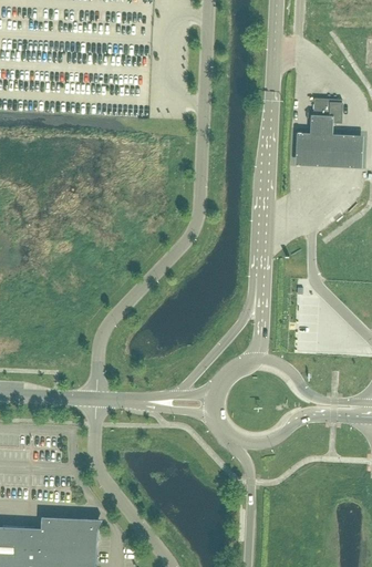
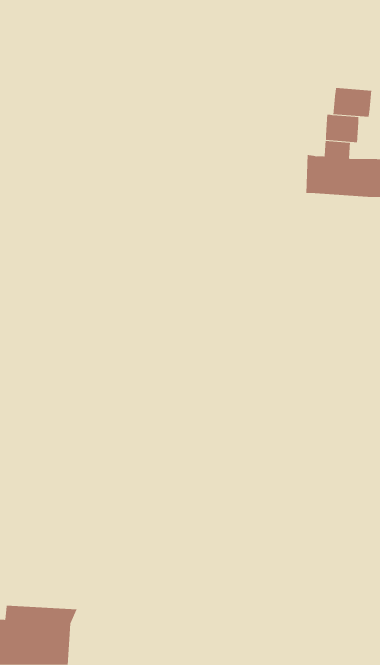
building: none -> [333,87,372,118]

